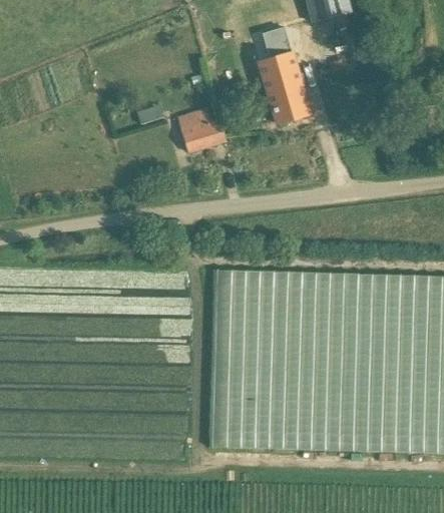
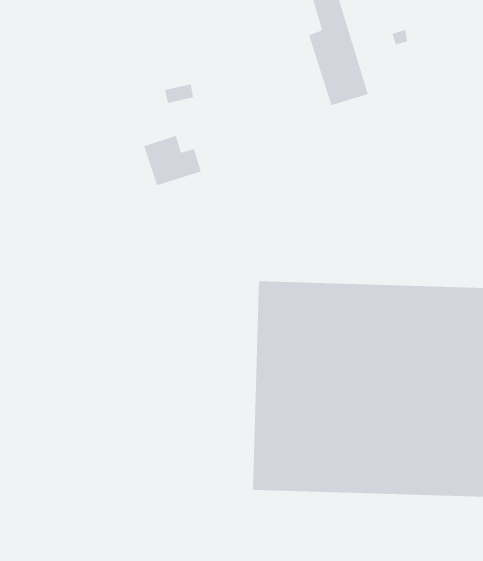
building: [177,108,227,151] -> [143,135,202,186]

